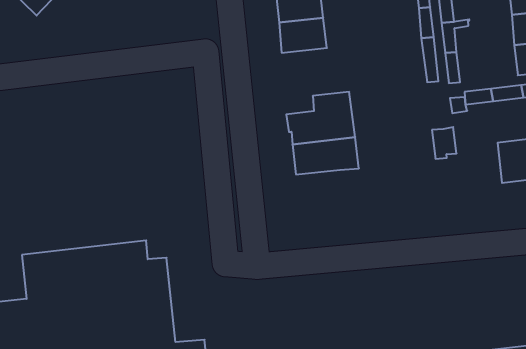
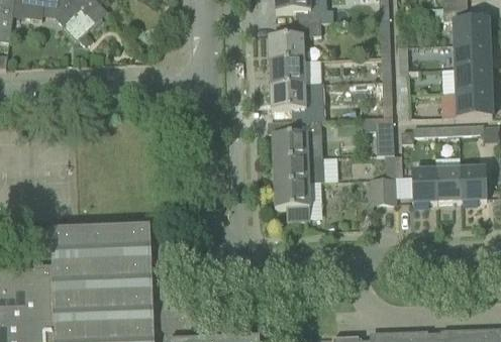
building: none -> [269,81,326,118]
building: none -> [375,114,393,152]
building: none -> [410,166,436,200]
building: none -> [370,176,395,201]
building: none -> [273,179,310,217]

